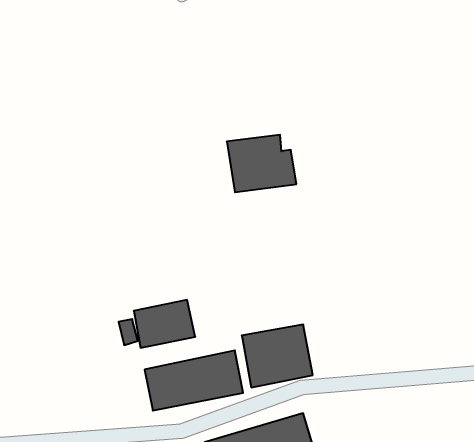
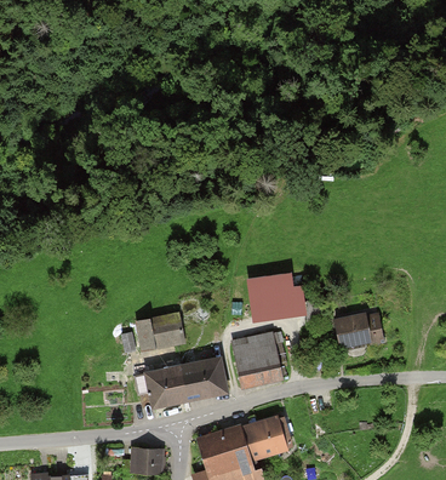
building: [227,135,296,192] -> [246,267,308,318]
building: none -> [336,312,384,350]

